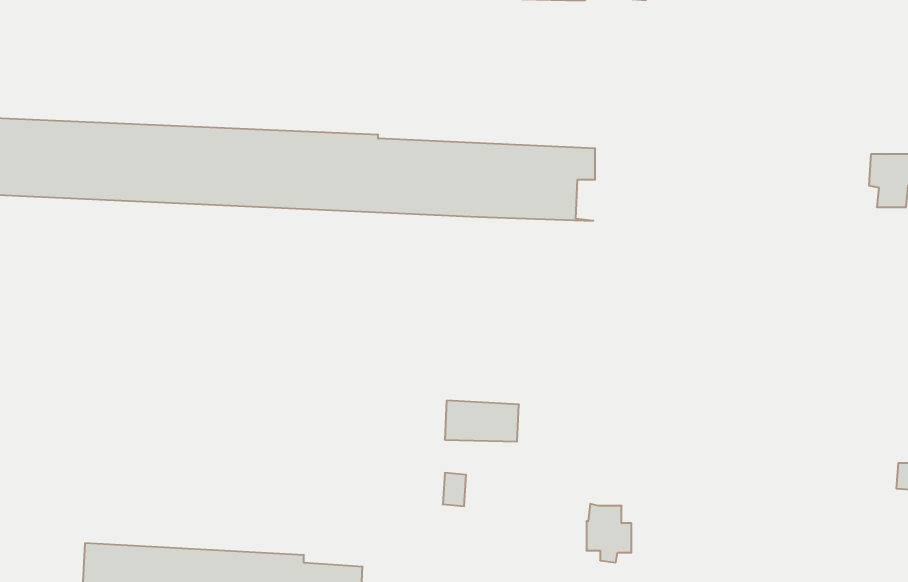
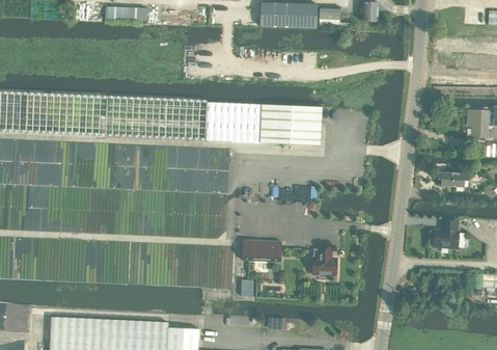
building: none -> [438,170,468,186]
building: none -> [433,218,459,248]
building: [586,504,631,562] -> [312,248,336,279]

